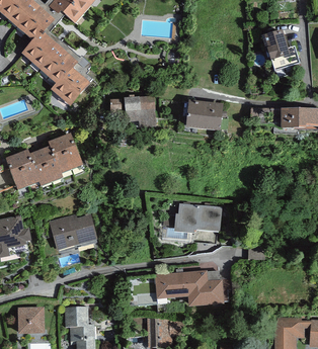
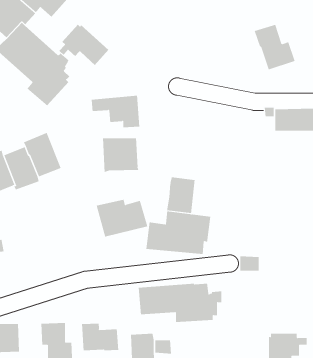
building: none -> [59,24,109,66]
building: [185,99,223,130] -> none
building: none -> [102,137,139,173]
building: none -> [167,177,195,214]
building: [49,213,97,249] -> [96,199,148,237]
building: none -> [82,323,119,351]

